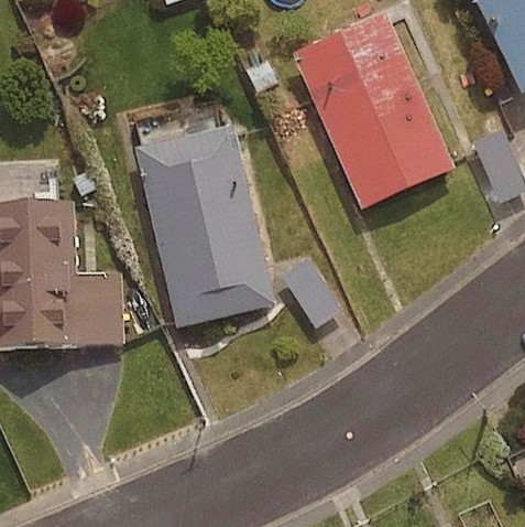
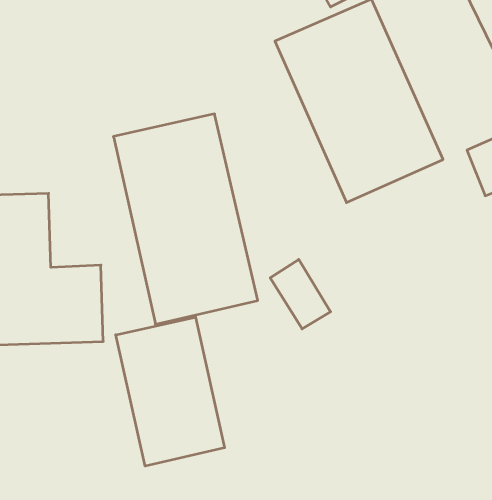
building: none -> [116,317,225,466]

